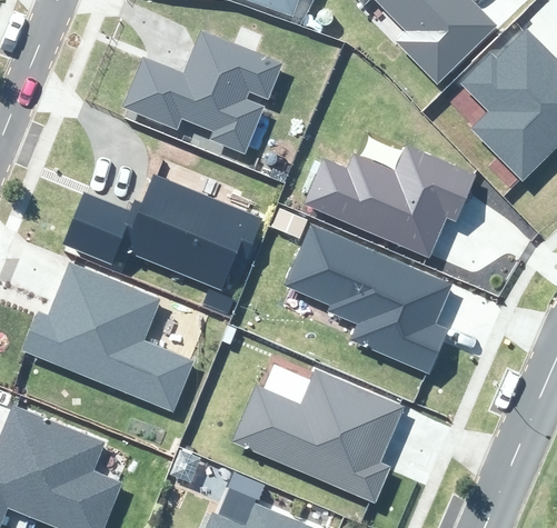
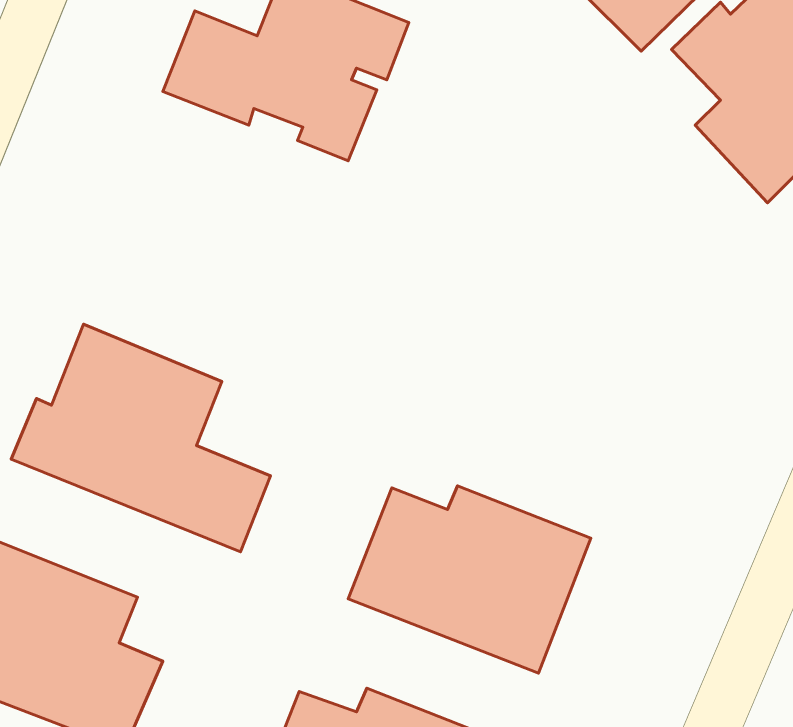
building: [304,145,476,257] -> none
building: [64,173,265,289] -> none
building: [289,229,457,380] -> none

